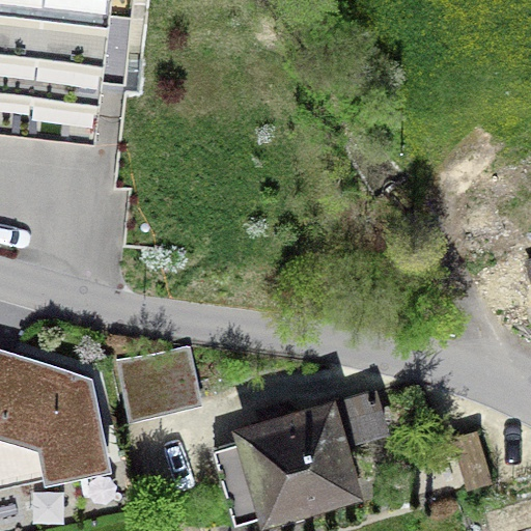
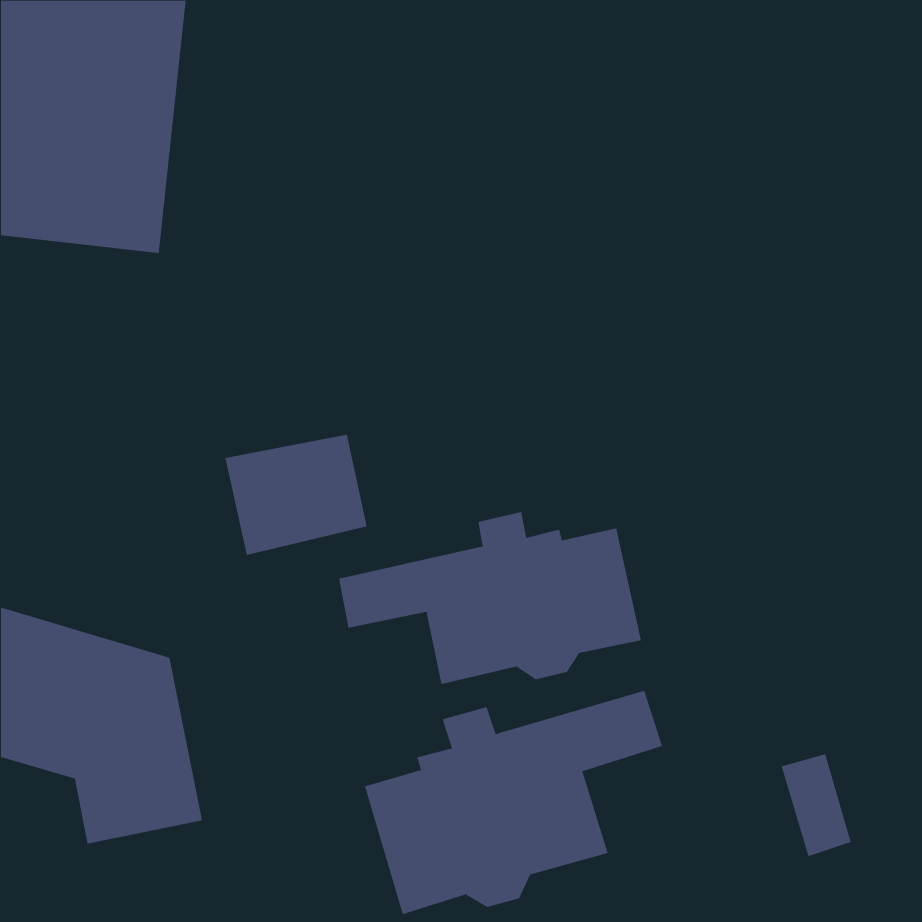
building: none -> [338,511,642,685]
building: [115,351,197,420] -> [224,434,368,556]

